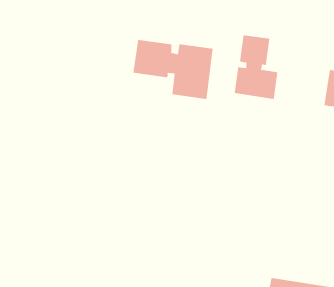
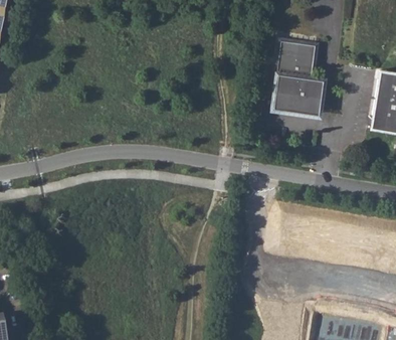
building: [133,39,213,100] -> none

